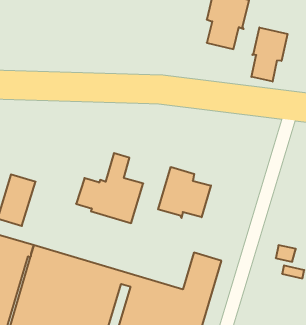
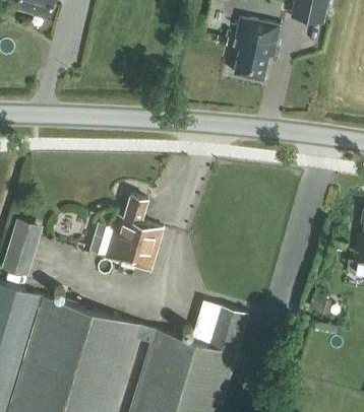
building: [251,27,288,82] -> none
building: [158,167,211,218] -> none

